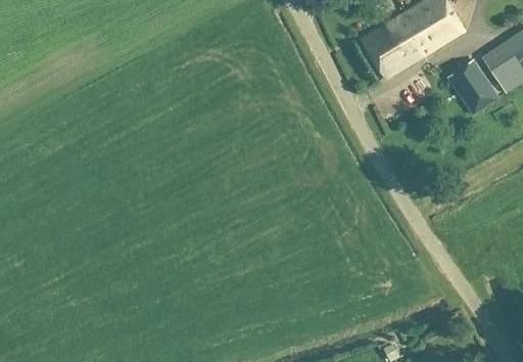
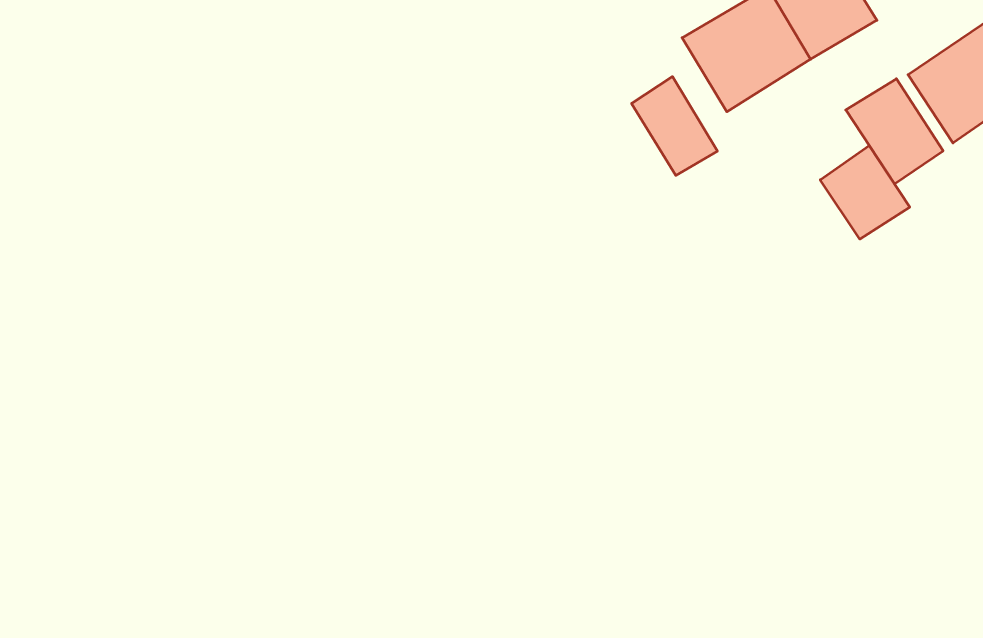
building: none -> [632,77,717,175]
building: none -> [820,146,910,239]

